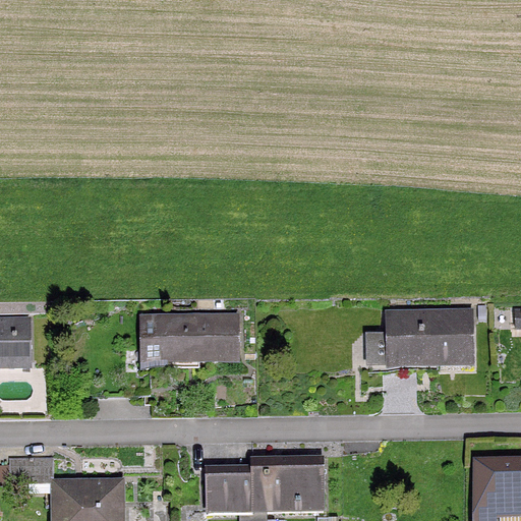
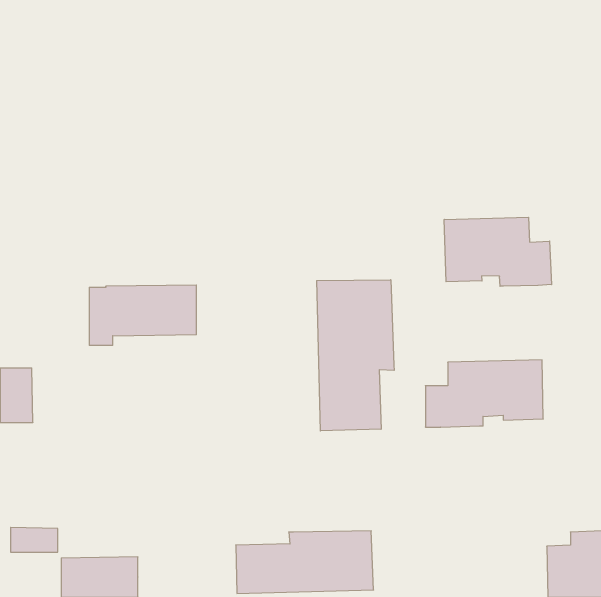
building: none -> [444,217,552,286]
building: none -> [317,280,394,431]
building: [142,314,235,366] -> [89,285,196,345]

